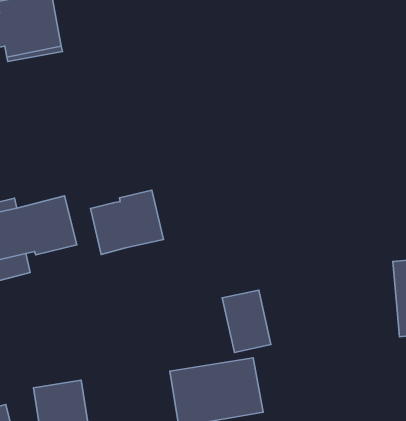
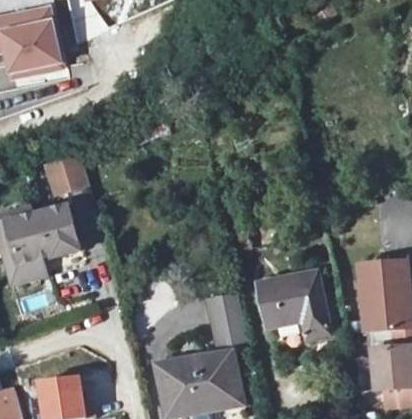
building: none -> [43,157,86,192]
building: [90,190,163,254] -> none
building: none -> [260,271,332,338]

